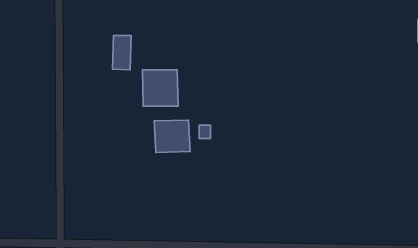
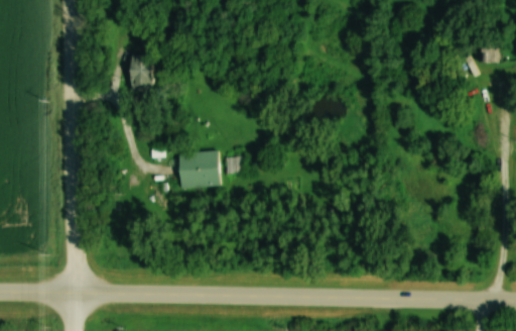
building: [142,70,178,106] -> none

